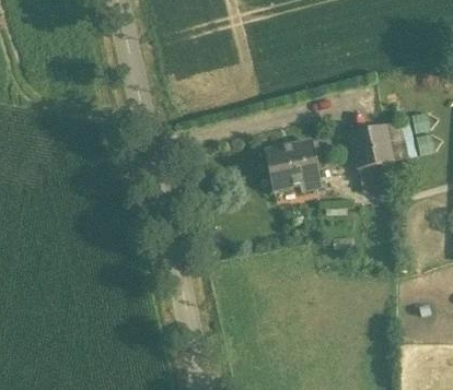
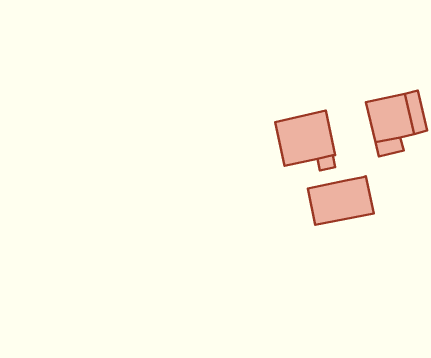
building: none -> [308,176,374,225]

